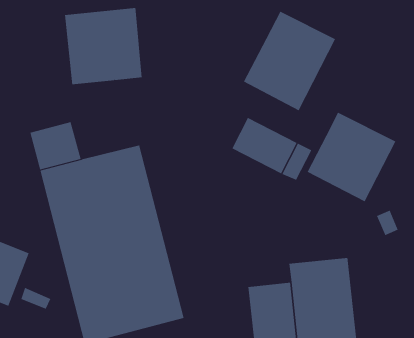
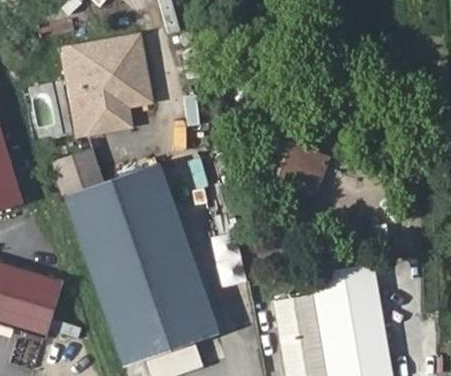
building: [243,11,336,111] -> none
building: none -> [61,46,133,137]
building: [307,112,396,202] -> none

